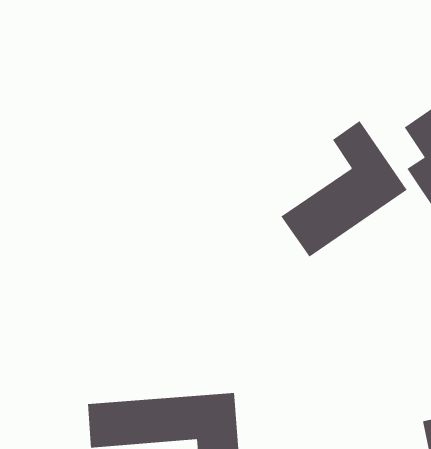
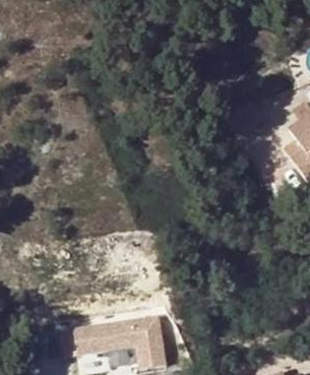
building: [281,120,408,258] -> none

